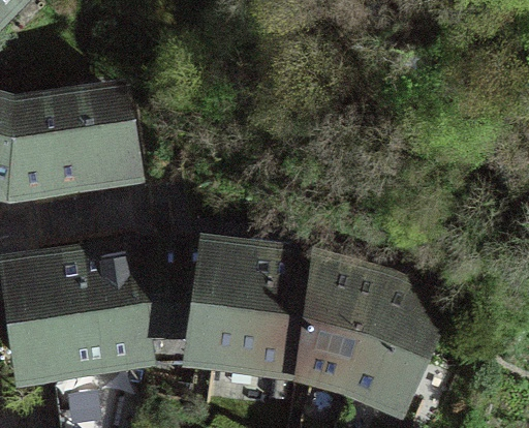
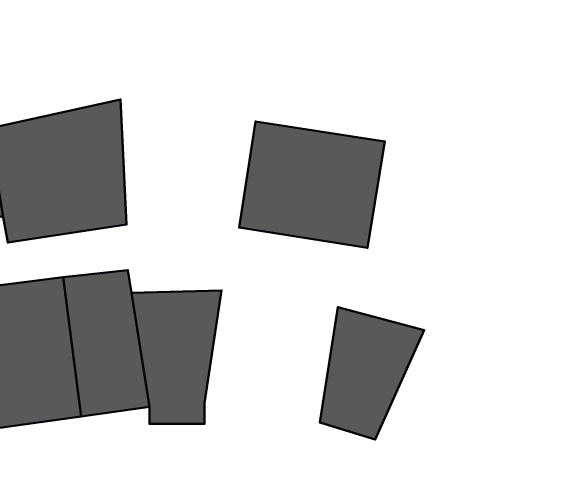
building: none -> [239,121,385,248]
building: [199,257,314,371] -> none
building: [346,292,437,410] -> none

